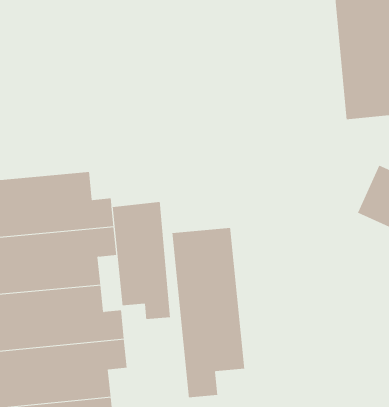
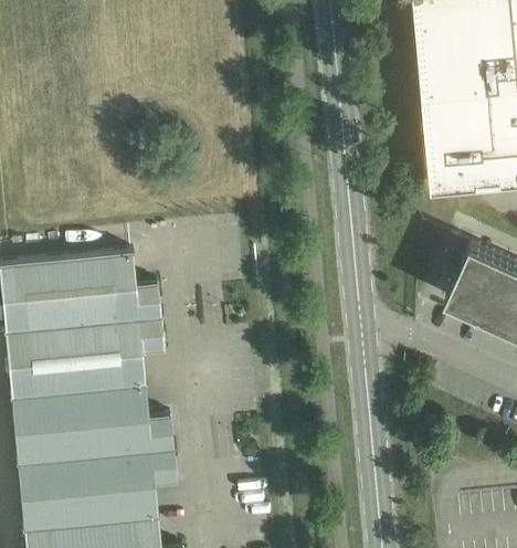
building: [112,201,171,320] -> none
building: [172,227,245,398] -> none

